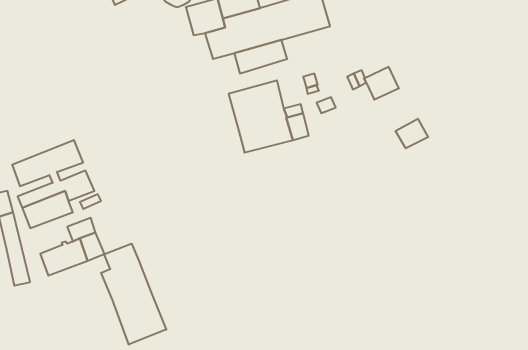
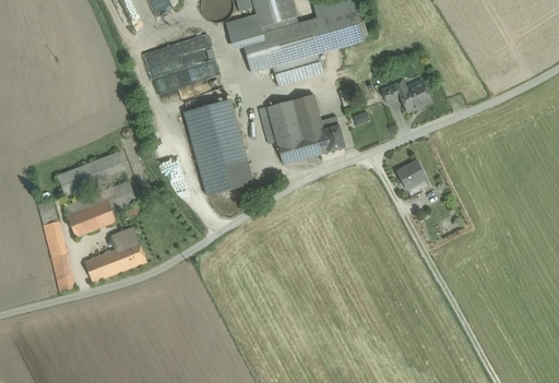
building: none -> [142,33,223,92]
building: none -> [183,98,253,195]
building: [395,119,428,148] -> [395,159,427,188]
building: [101,244,166,345] -> none

